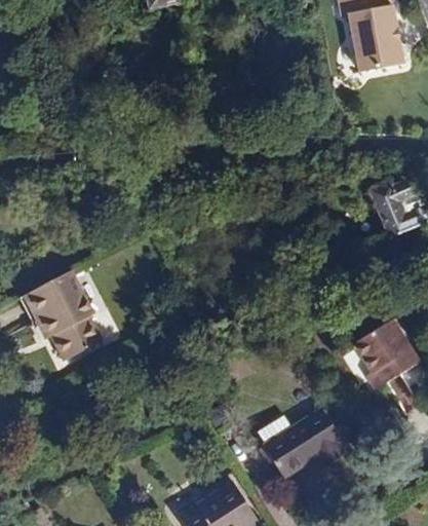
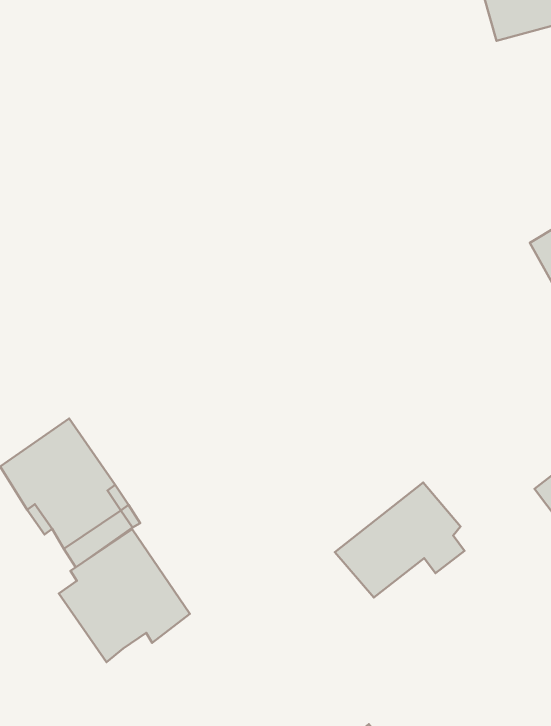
building: none -> [59,529,190,662]
building: [261,408,342,477] -> [335,482,465,598]

